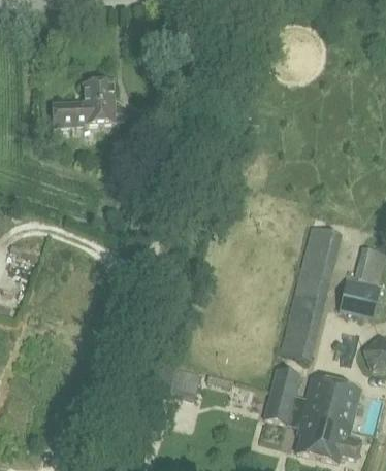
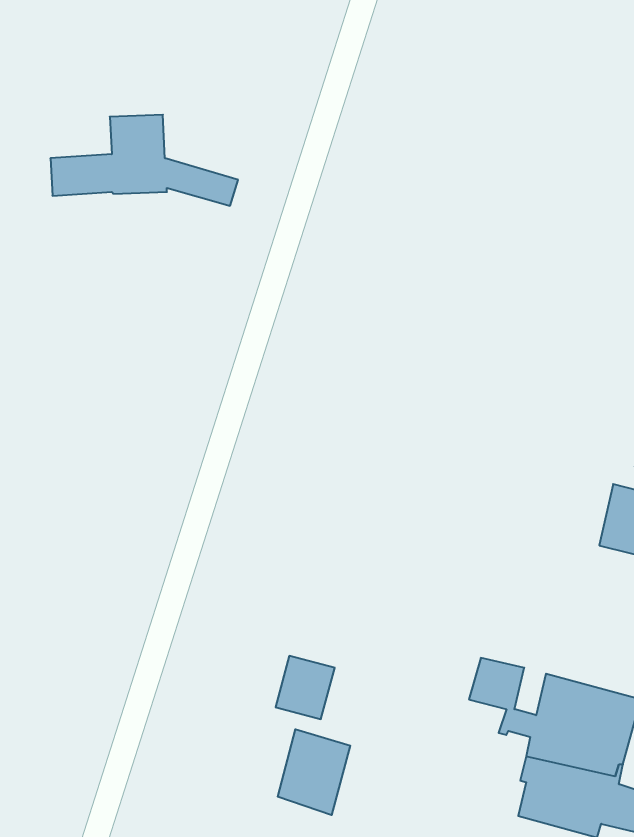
building: [281,226,341,359] -> none
building: [264,389,291,422] -> none
building: none -> [278,729,350,815]

